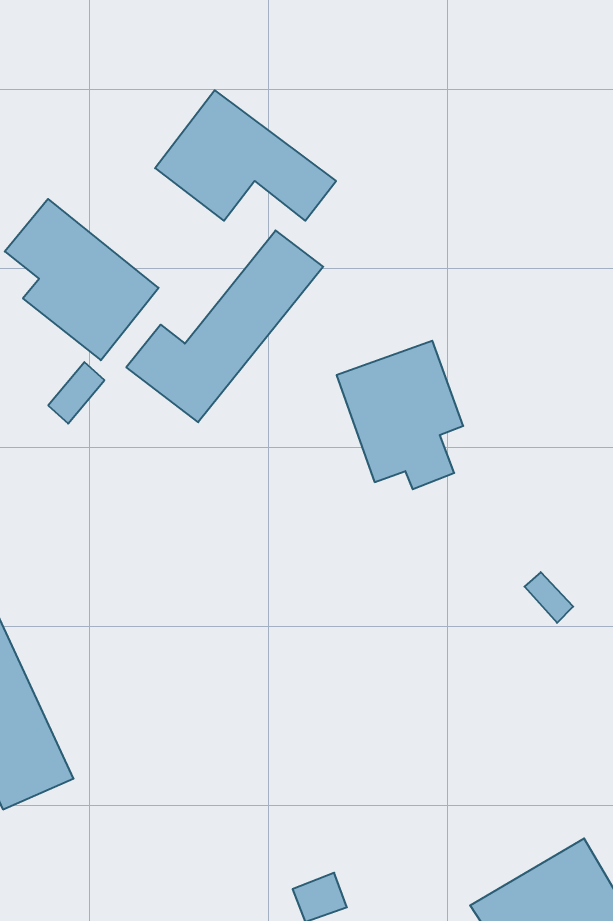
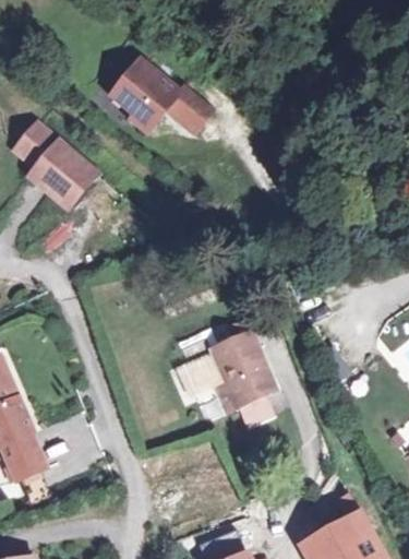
building: [126,230,323,422] -> none
building: [337,341,463,489] -> [196,332,273,421]

